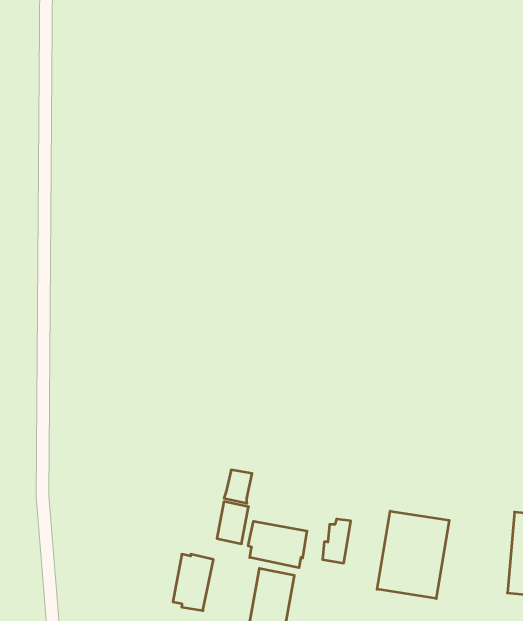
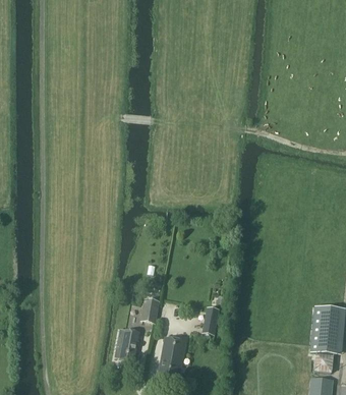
building: [377,511,449,599] -> none
building: [248,521,307,568] -> none

